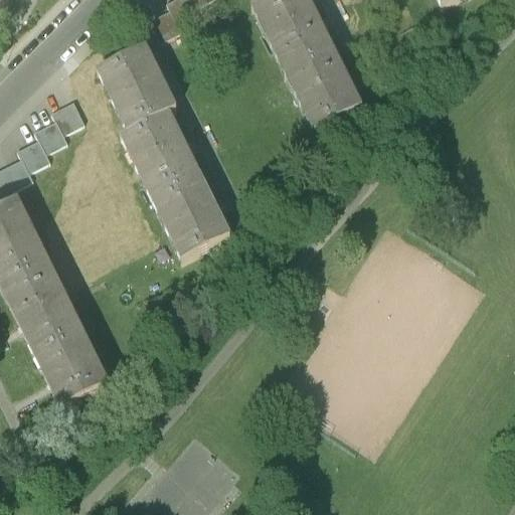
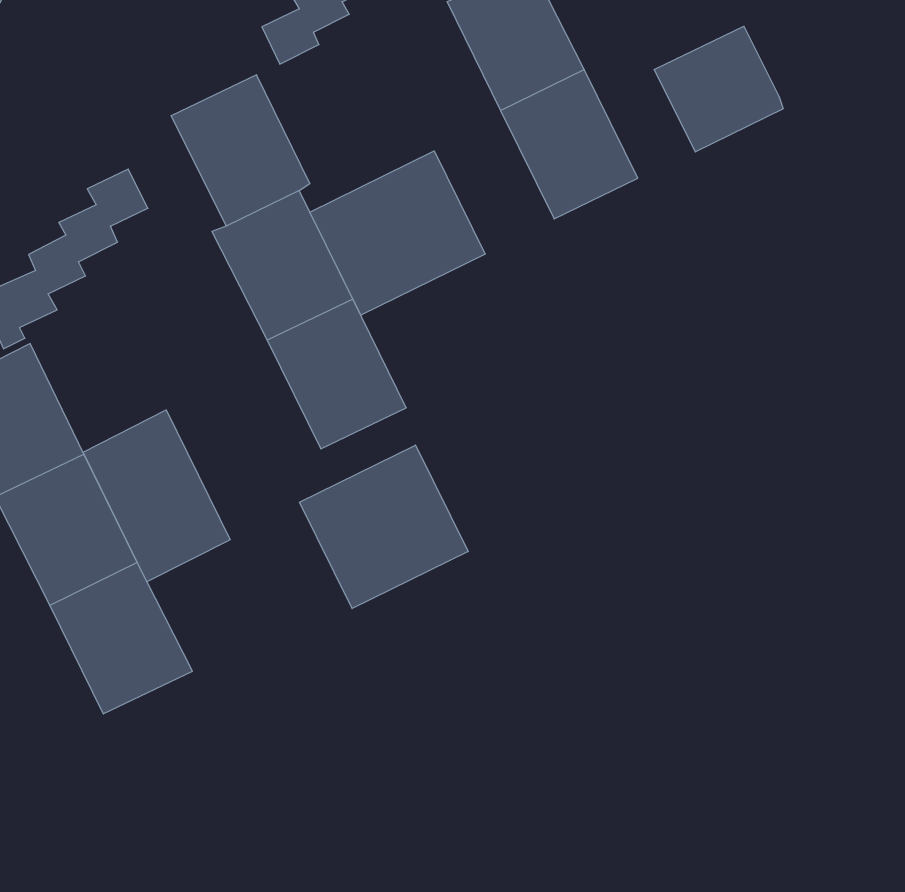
building: none -> [654,26,783,152]
building: none -> [310,151,485,315]
building: none -> [83,410,230,582]
building: none -> [300,445,468,609]

